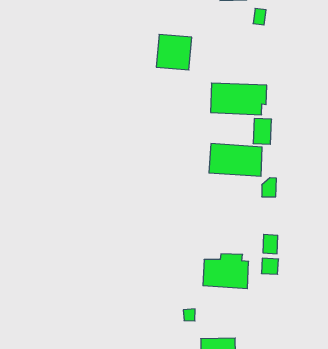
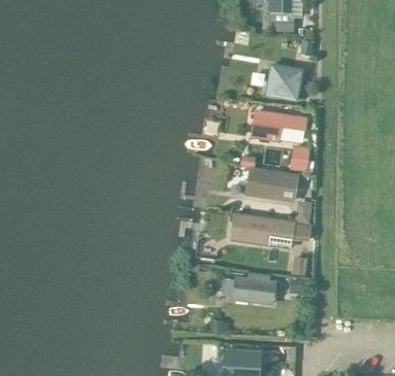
building: [156,34,192,70] -> [265,64,301,100]
building: none -> [230,213,314,246]

